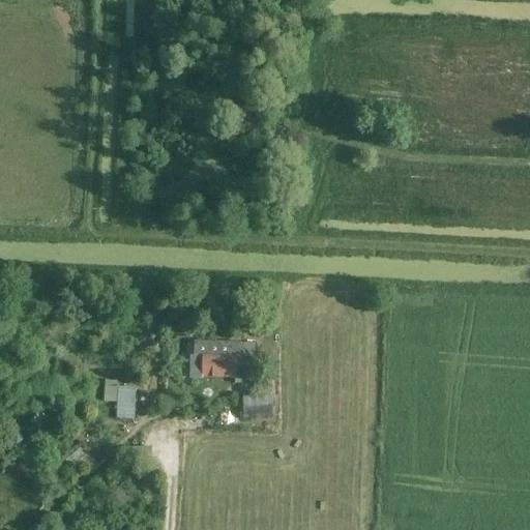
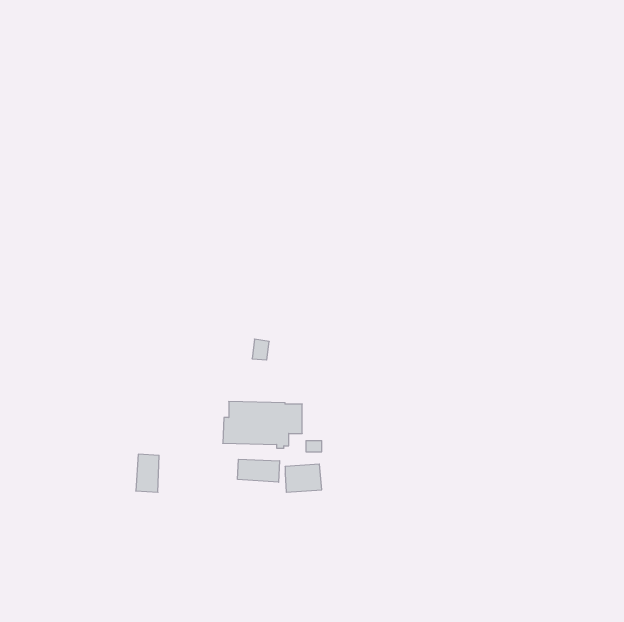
building: none -> [238,459,280,482]

